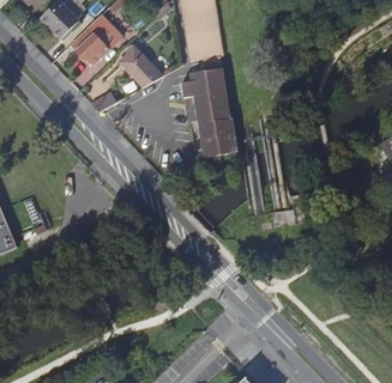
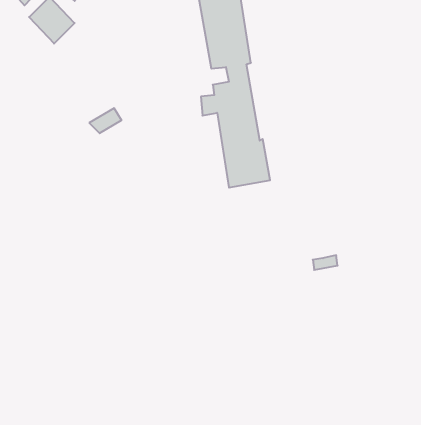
building: [70,16,122,65] -> none
building: [119,44,162,86] -> none

